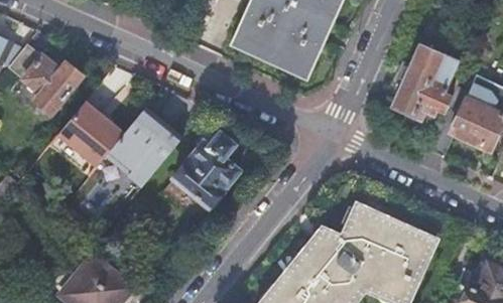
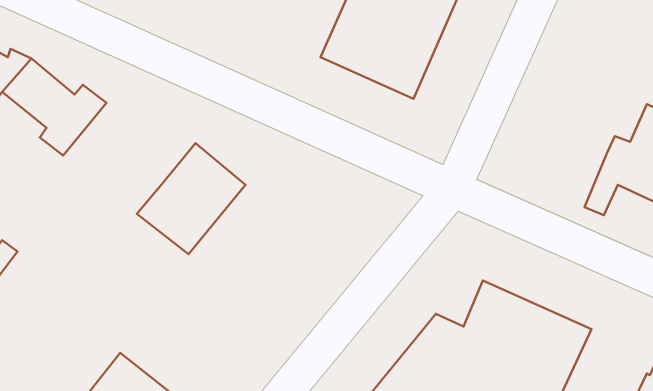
building: [393,47,457,118] -> none
building: [57,103,124,167] -> none
building: [174,124,241,209] -> none

